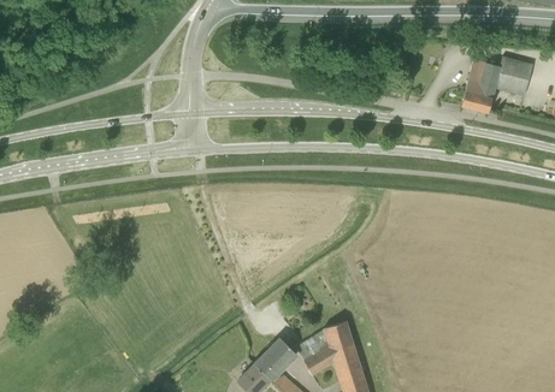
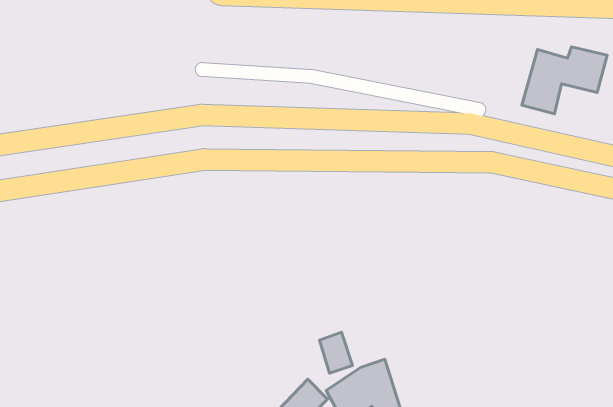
building: none -> [320,332,353,373]

